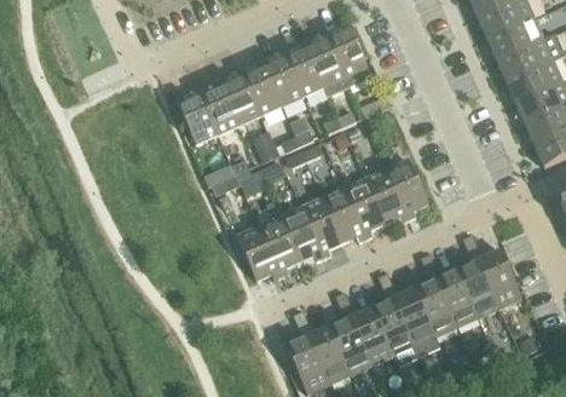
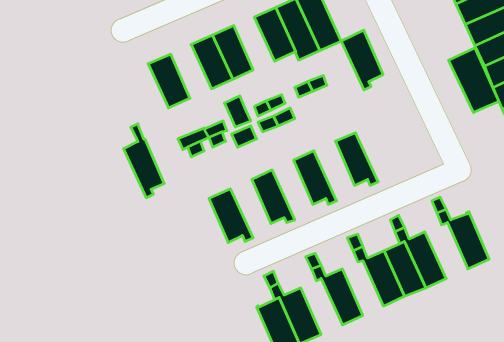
building: [262,52,304,105] -> none
building: [198,80,239,134] -> none
building: none -> [449,48,499,113]
building: [386,159,428,219] -> [341,30,383,90]
building: [343,178,385,238] -> none
building: [301,197,342,258] -> none
building: [259,201,300,276] -> [124,124,164,198]
building: [456,260,499,317] -> none
building: [372,299,420,367] -> none
building: [330,317,372,374] -> none

